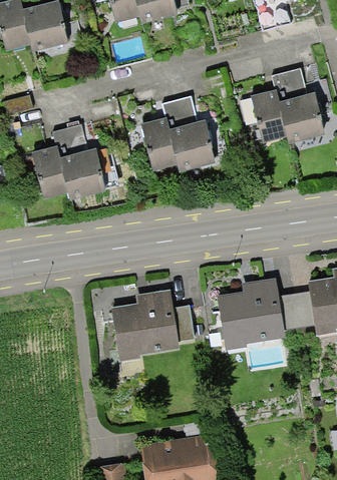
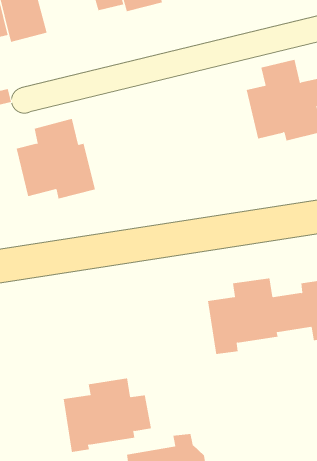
building: [141,94,218,173] -> none
building: [110,289,196,360] -> [63,378,152,453]

